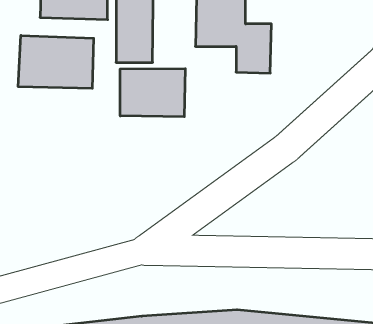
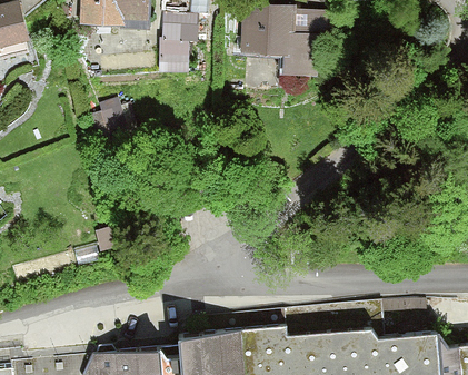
building: [18,35,94,88] -> none
building: [120,69,185,117] -> none

